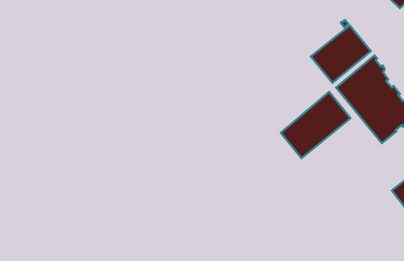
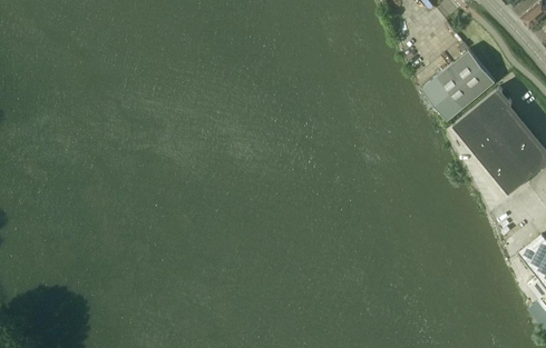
building: [281,92,351,158] -> none

